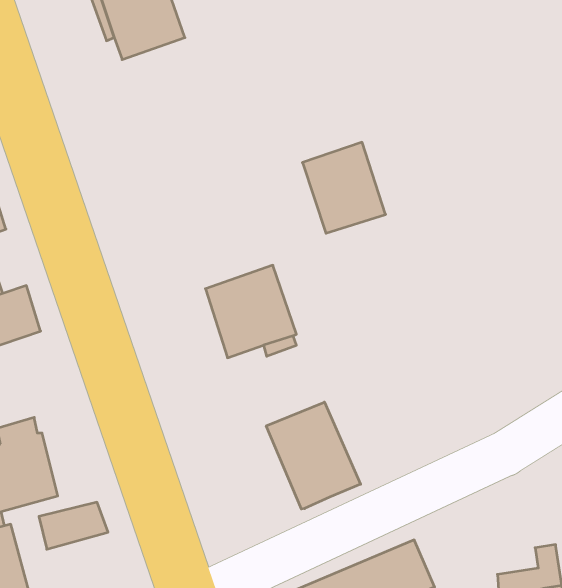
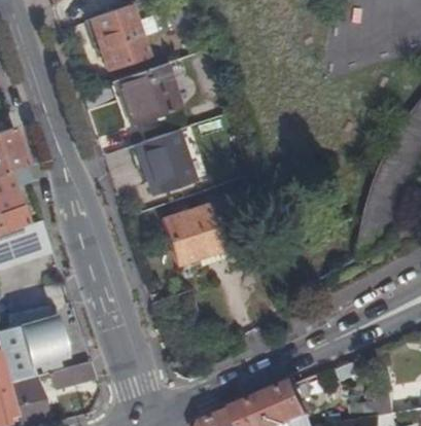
building: none -> [120,62,178,123]
building: [302,142,386,233] -> [137,130,191,189]
building: [266,402,361,509] -> none

